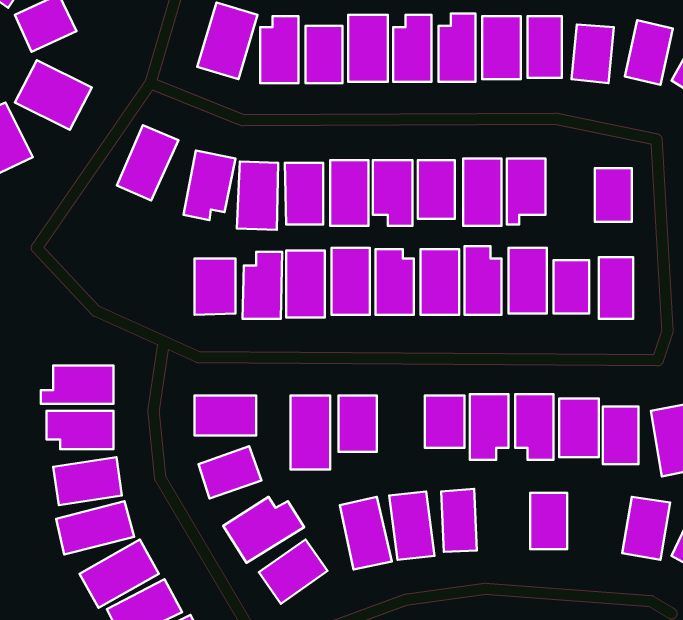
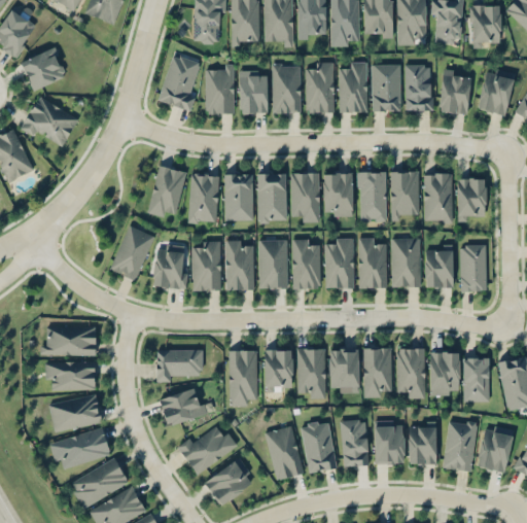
building: [117,125,178,201] -> [109,224,155,281]
building: none -> [424,172,452,222]
building: none -> [295,348,325,397]
building: none -> [443,419,477,470]
building: none -> [374,421,402,464]

